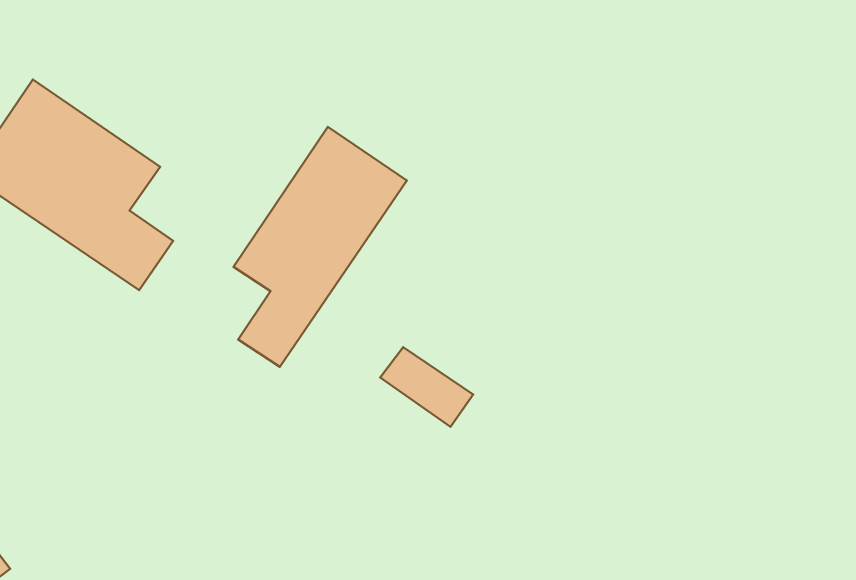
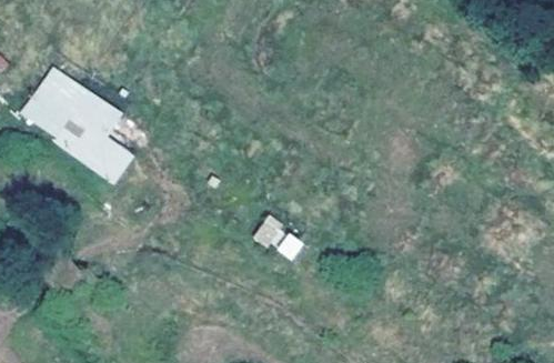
building: [234,127,407,367] -> none

